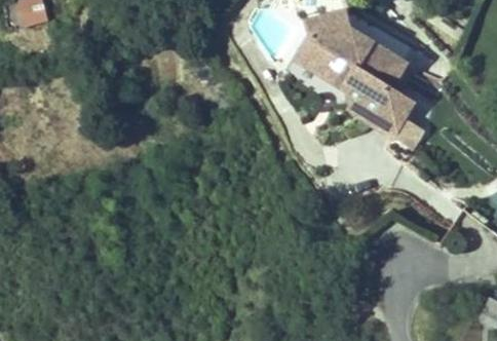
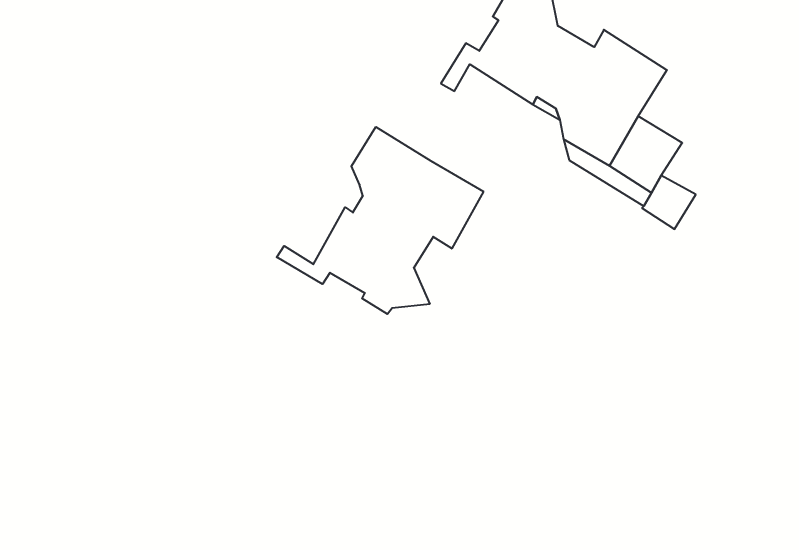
building: none -> [277,127,483,314]

